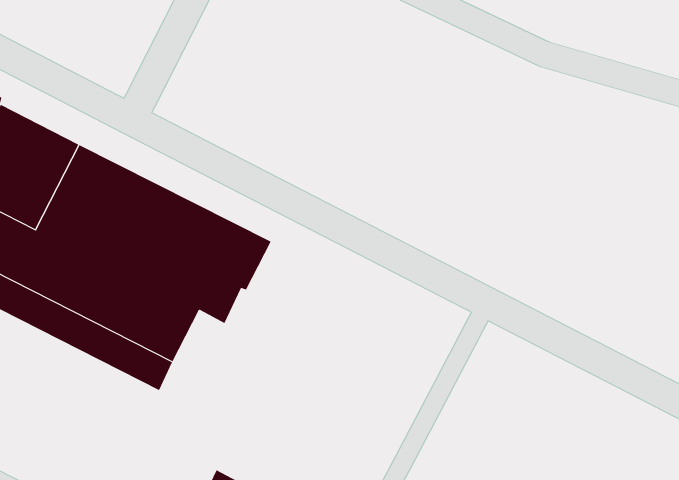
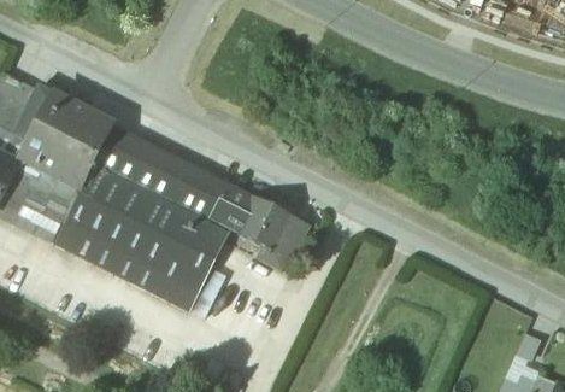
building: none -> [231,193,305,269]
building: none -> [169,242,216,310]

